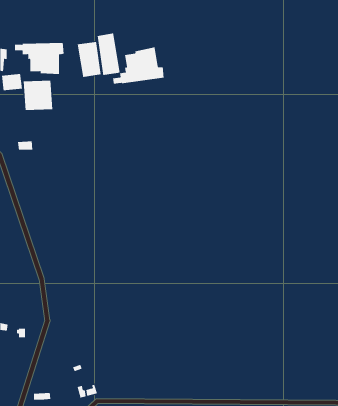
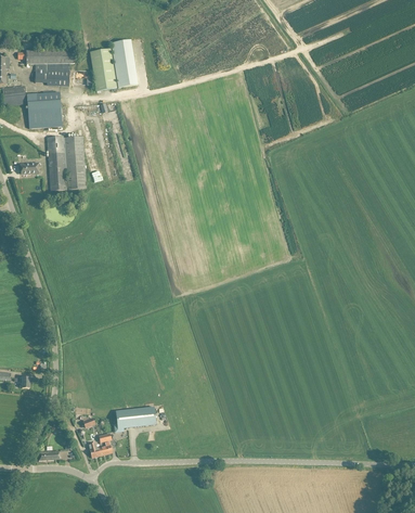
building: [112,46,164,85] -> none
building: none -> [48,138,87,190]
building: none -> [116,406,156,427]

